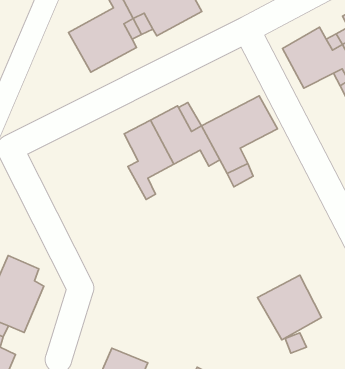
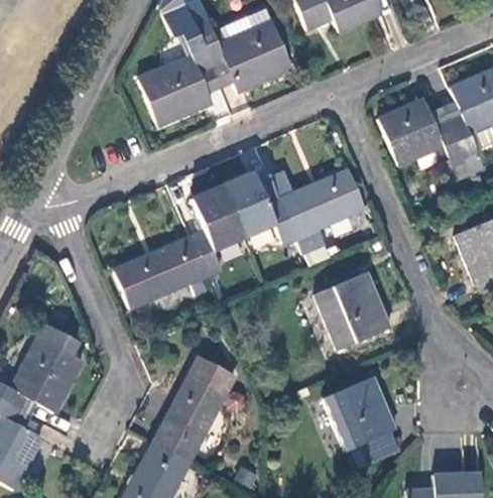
building: none -> [114,235,208,307]
building: none -> [315,271,390,349]
building: none -> [153,356,236,460]

